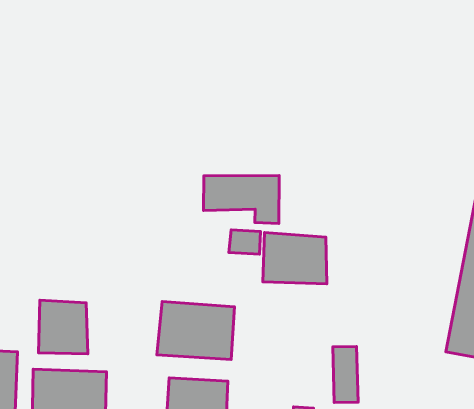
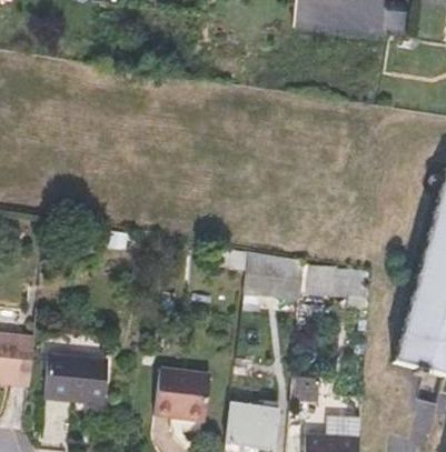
building: [204,176,279,223] -> [306,264,371,309]
building: [39,300,88,354] -> none
building: [157,301,234,359] -> none

